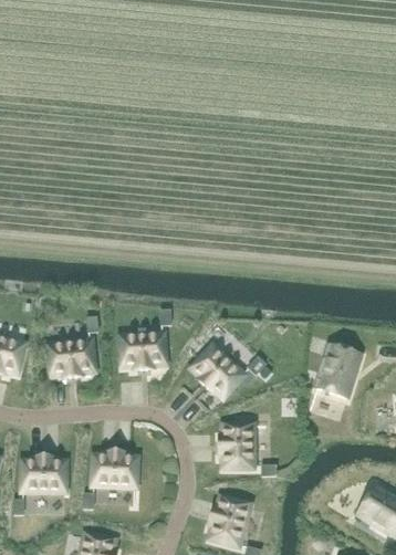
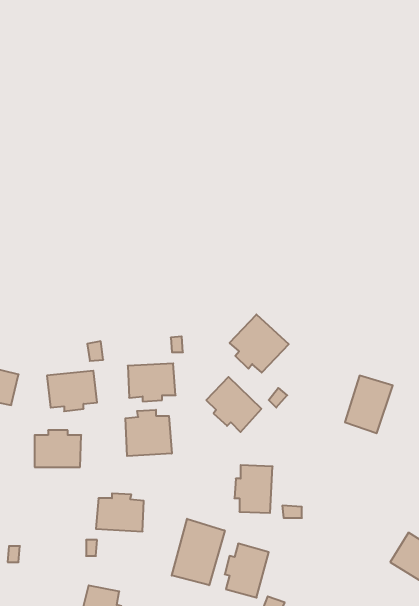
building: none -> [230,314,289,373]
building: none -> [125,410,172,456]
building: [23,458,65,491] -> [35,430,81,467]
building: none -> [172,519,225,585]

